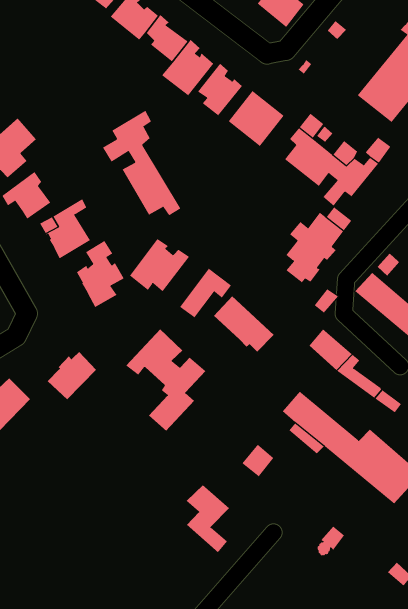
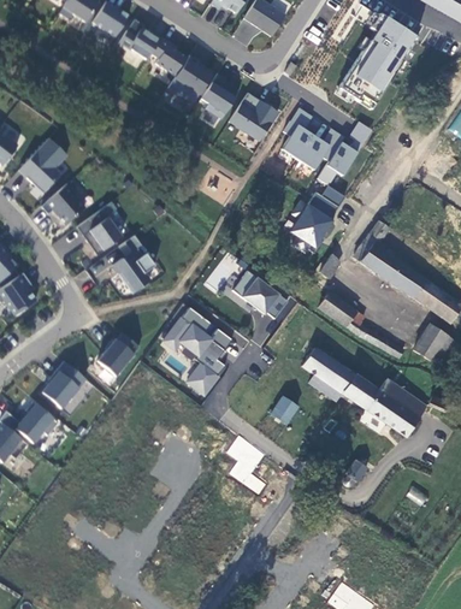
building: [102,110,181,216] -> none
building: [129,238,190,292] -> none

